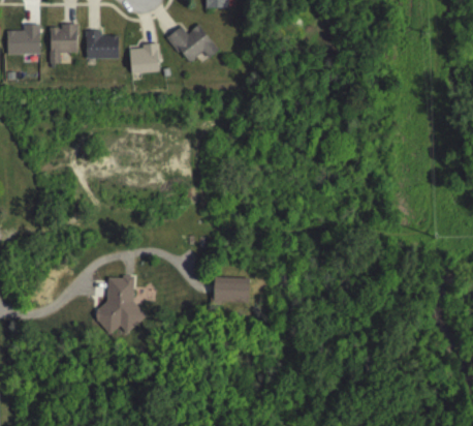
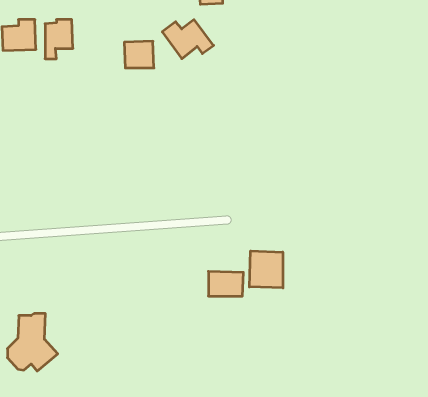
building: [86,30,119,59] -> none
building: none -> [249,251,283,288]
building: [96,275,147,333] -> [7,314,58,371]

